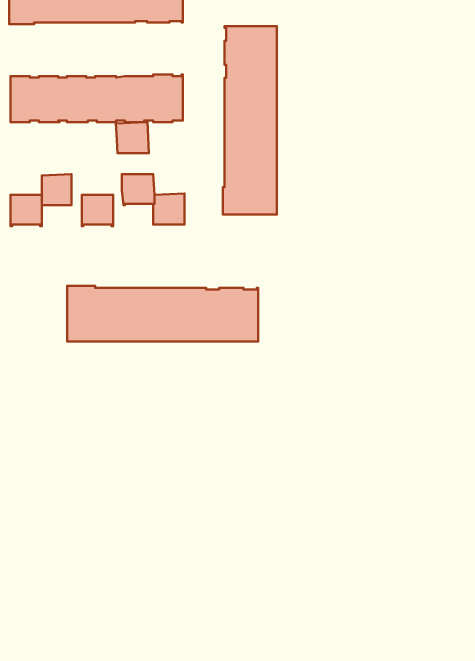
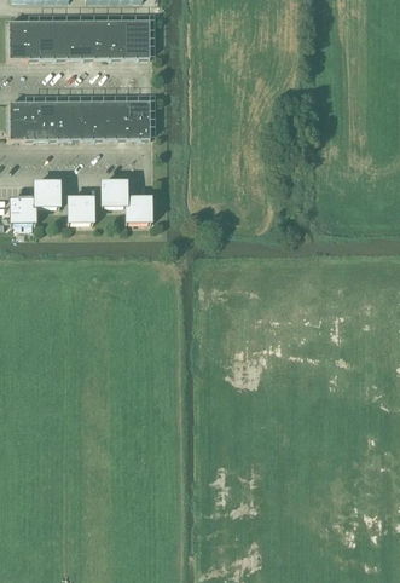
building: [223,26,277,215] -> none
building: [116,122,149,153] -> none
building: [67,286,258,341] -> none

